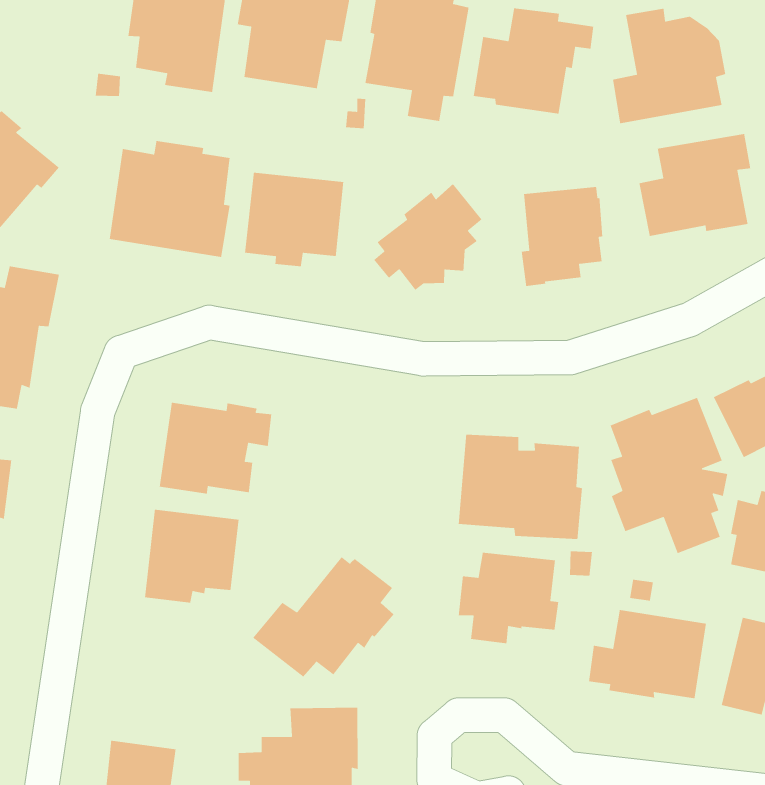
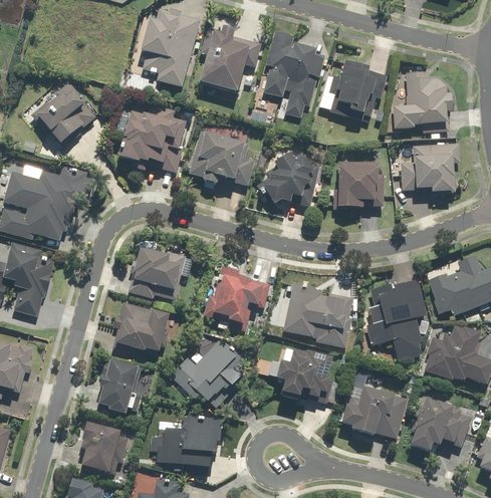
building: none -> [207,266,264,331]
building: none -> [98,358,140,414]

